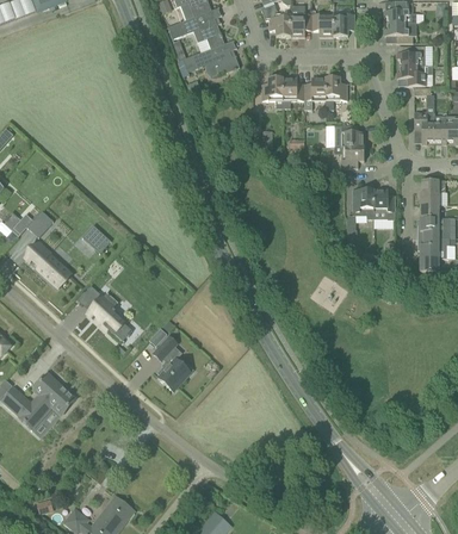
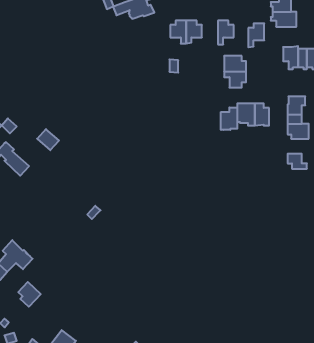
building: [304,76,326,108] -> [248,23,264,47]
building: none -> [221,107,237,130]
building: [420,236,448,256] -> none
building: [85,284,132,339] -> none
building: [153,335,191,390] -> none
building: none -> [18,282,41,307]

